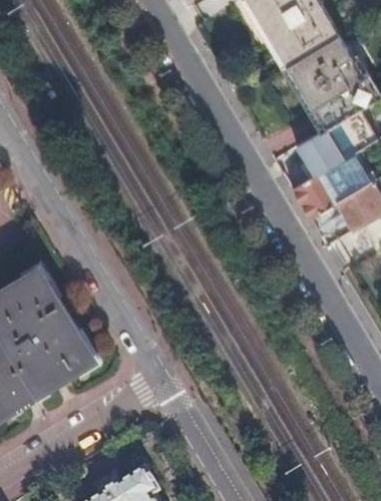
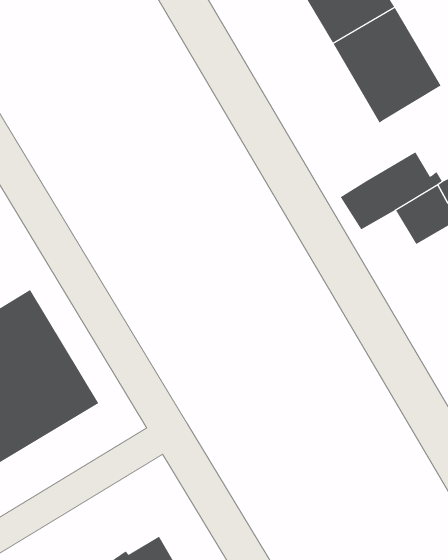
building: [295,128,360,177] -> none

